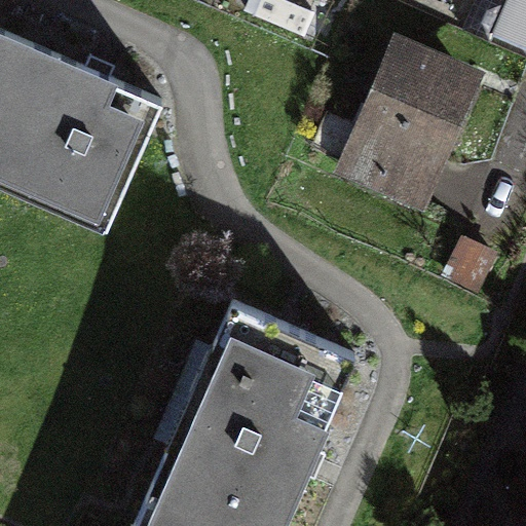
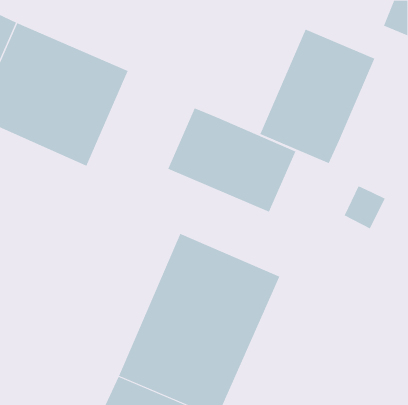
building: none -> [167,107,296,213]

